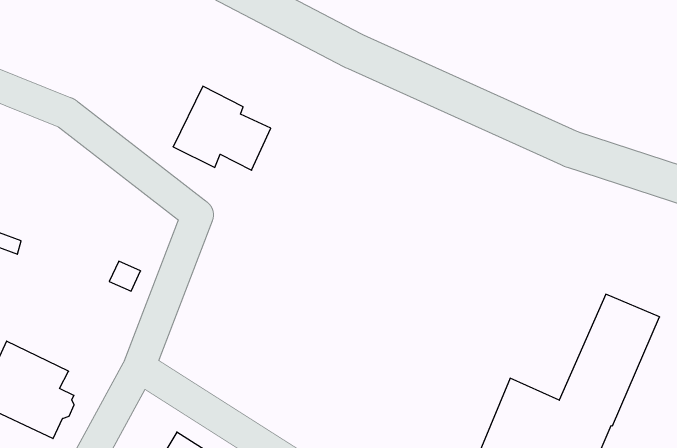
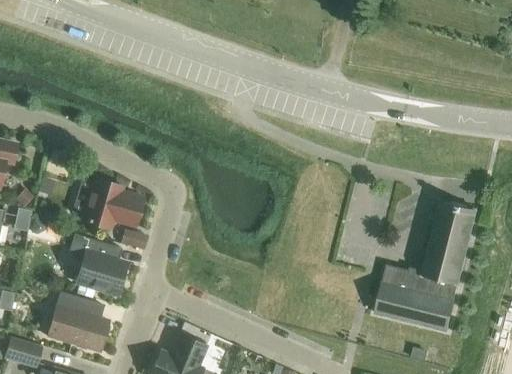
building: [173,86,271,170] -> [82,177,143,228]
building: none -> [70,234,126,293]

